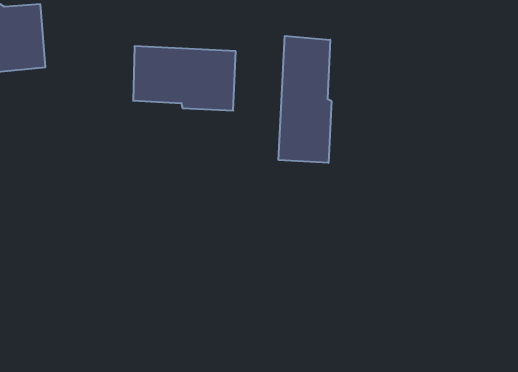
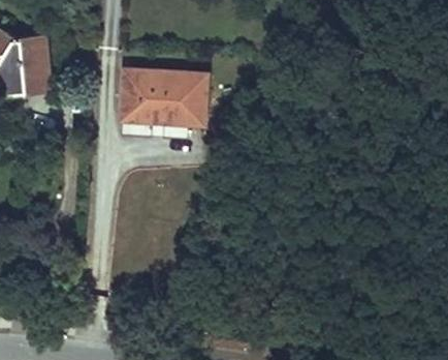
building: [279,36,331,163] -> none

